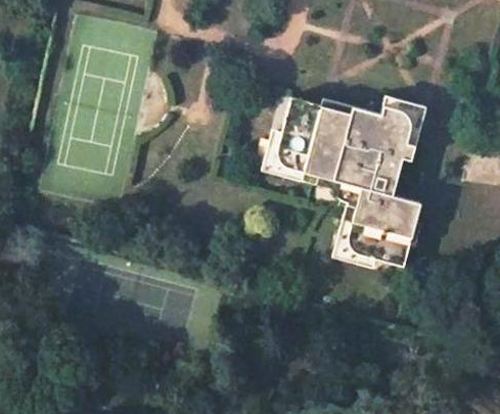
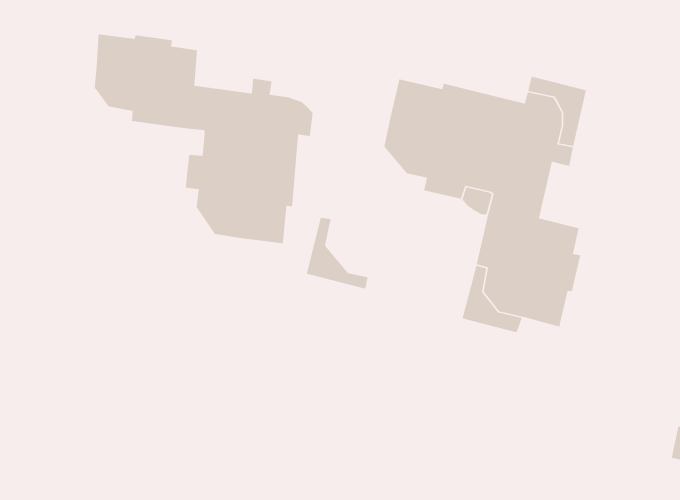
building: none -> [94,33,313,244]
building: [265,123,310,175] -> [306,217,369,290]

